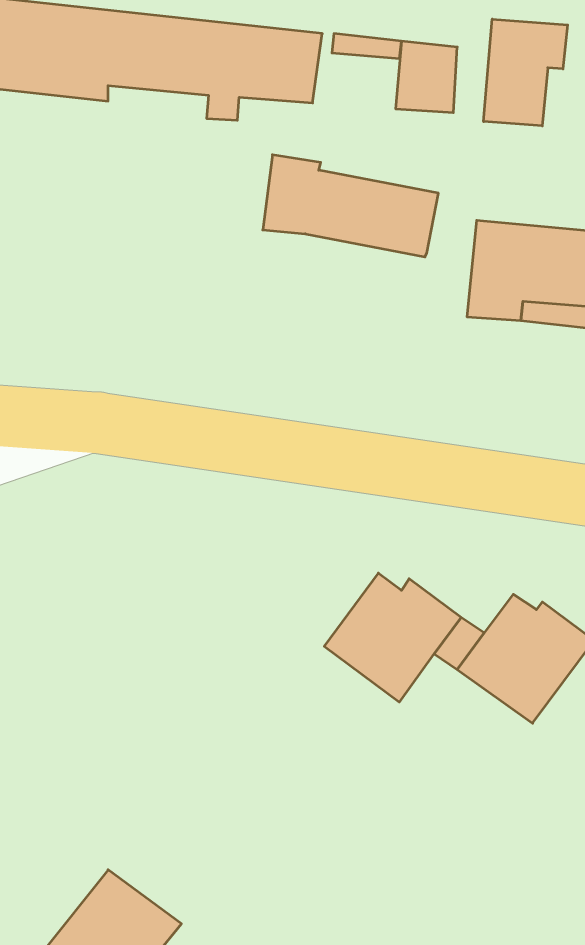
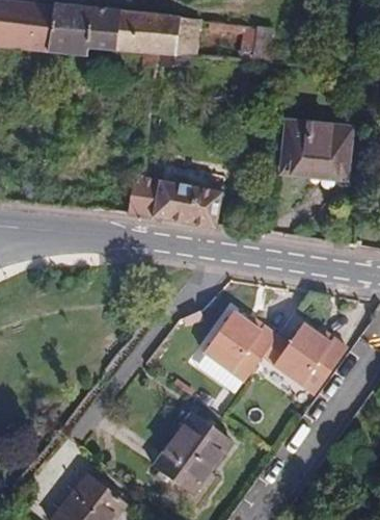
building: [484,19,568,126] -> none
building: [263,155,438,257] -> [129,174,223,229]
building: none -> [152,411,232,495]

